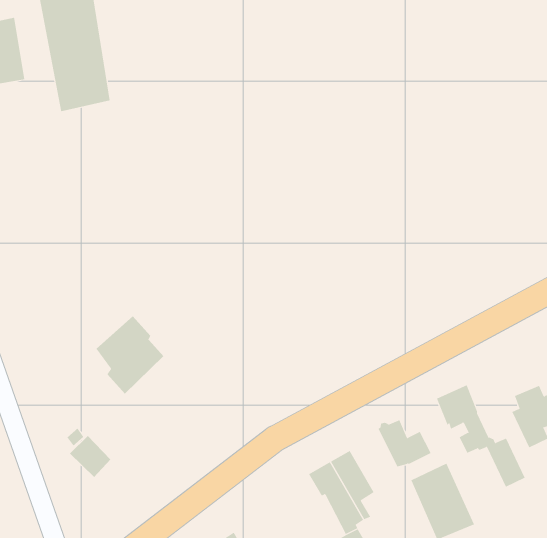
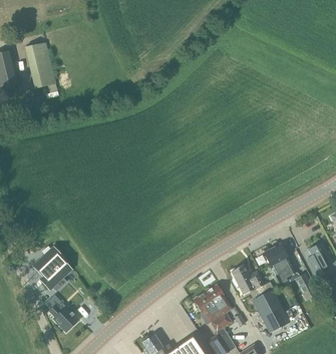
building: [96,315,164,395] -> [30,246,69,291]
building: none -> [47,305,77,332]

